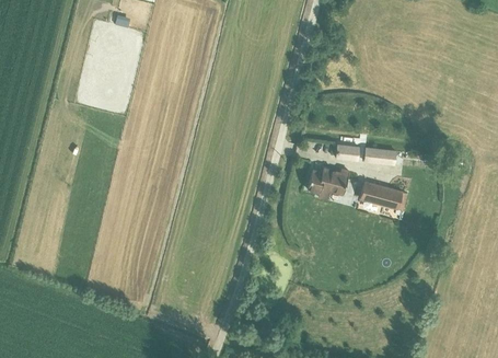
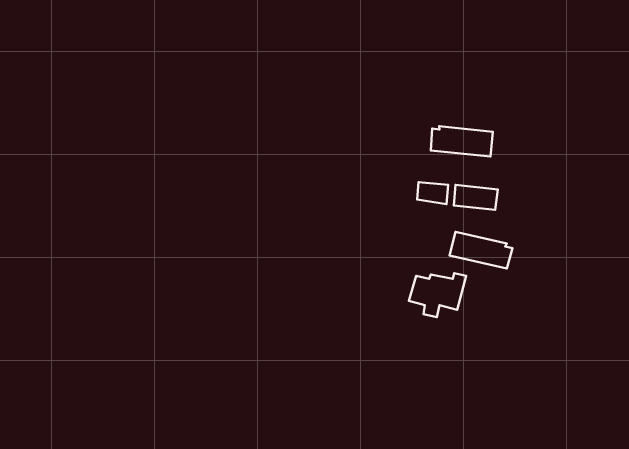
building: none -> [431,126,493,157]
building: [305,168,348,200] -> [409,273,466,317]

